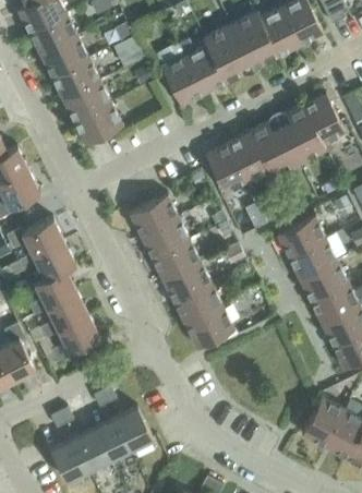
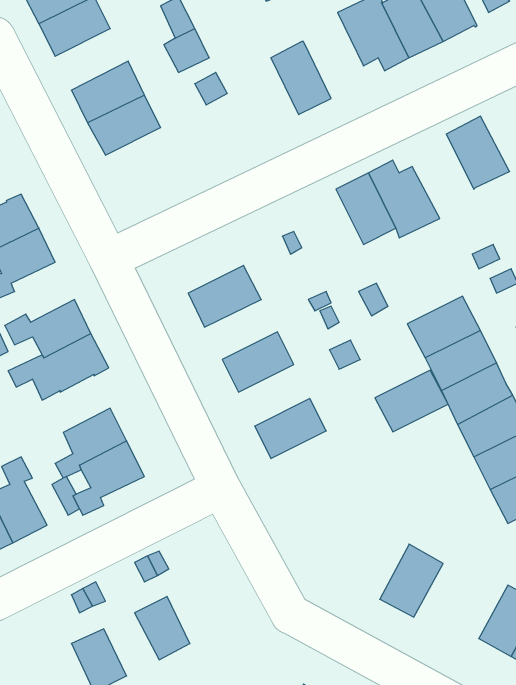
building: [202,24,246,82] -> none
building: [39,35,88,76] -> none
building: [155,44,203,104] -> none
building: [73,101,121,143] -> none
building: [279,106,325,163] -> none
building: [205,143,246,192] -> none
building: [140,217,189,257] -> none
building: [162,261,210,302] -> none
building: [28,267,76,315] -> none
building: [184,305,233,347] -> [375,370,448,432]
building: [301,396,343,445] -> [380,544,443,617]
building: [114,406,152,448] -> none
building: [72,428,109,470] -> none

